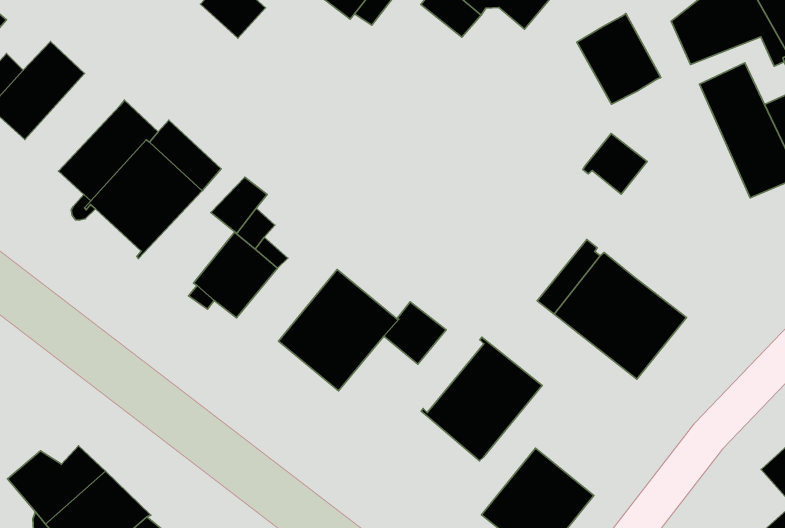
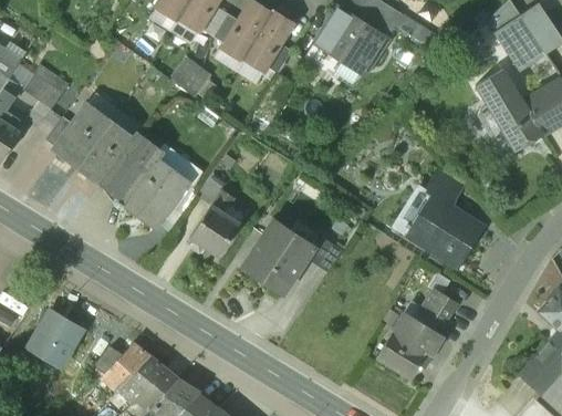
building: [577,13,661,104] -> none
building: none -> [81,121,135,180]
building: [583,133,647,194] -> [426,169,464,205]
building: [421,337,542,461] -> none
building: none -> [420,289,457,325]

